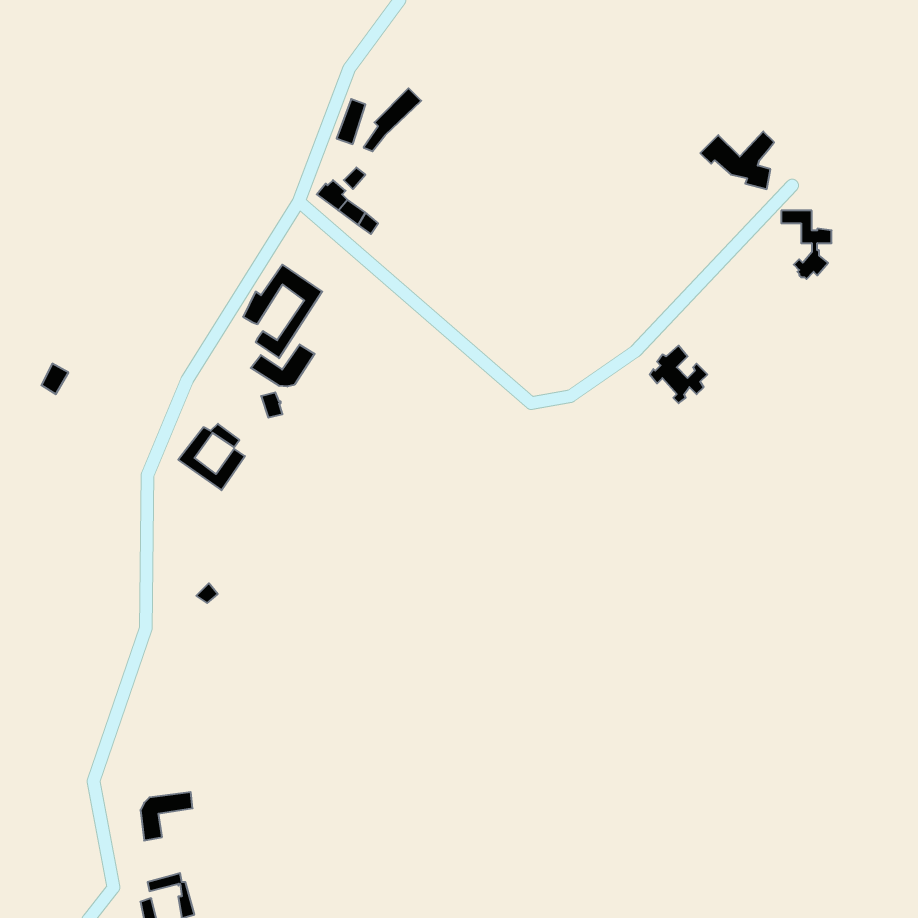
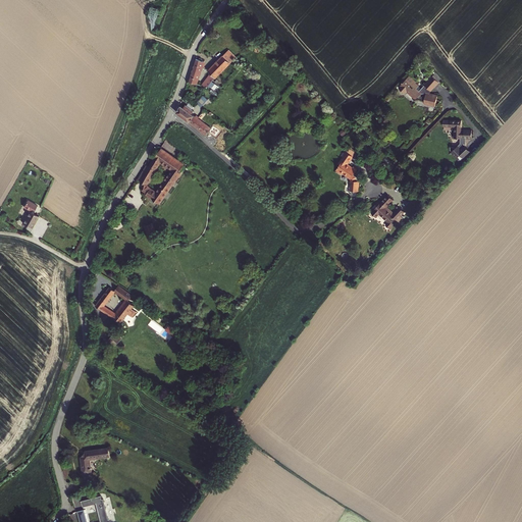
building: none -> [335,156,357,197]
building: [251,344,315,387] -> none
building: [178,424,245,490] -> [98,285,136,323]

